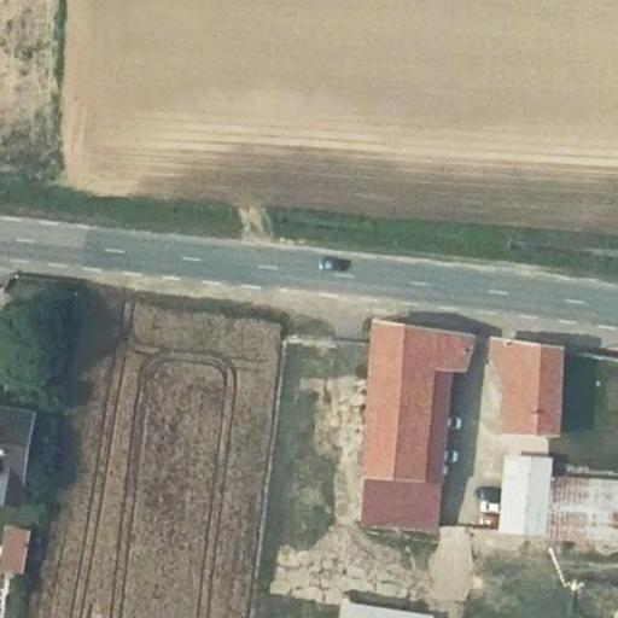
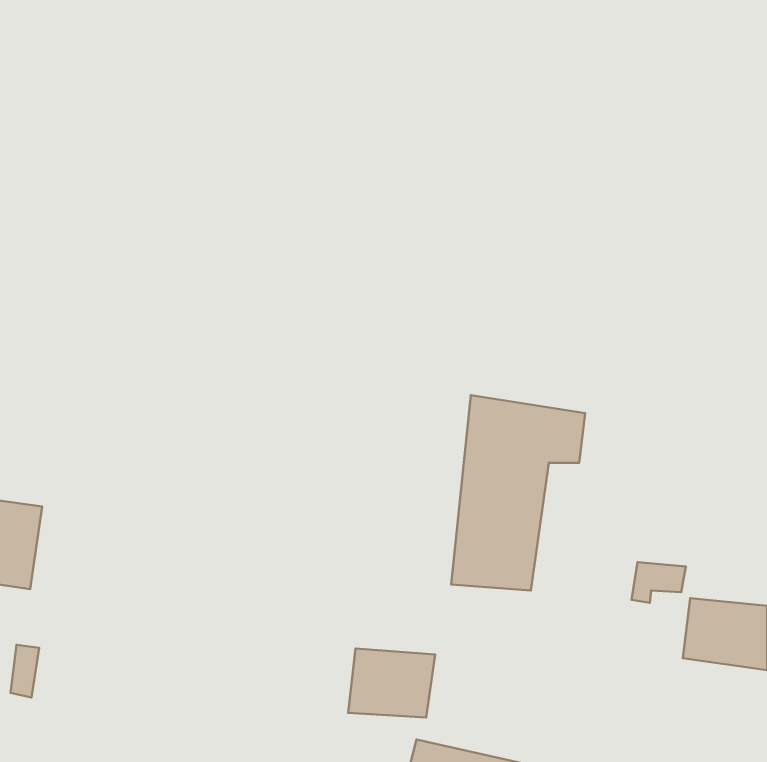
building: [503,343,564,436] -> none
building: [356,474,426,530] -> [348,648,435,718]
building: [501,479,547,538] -> none

